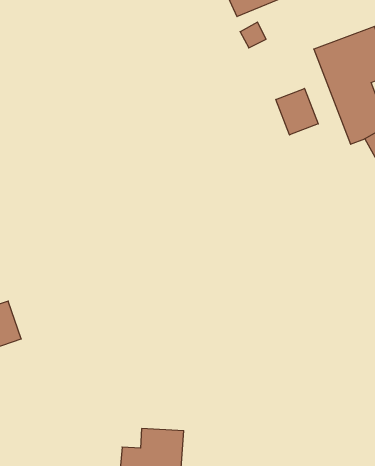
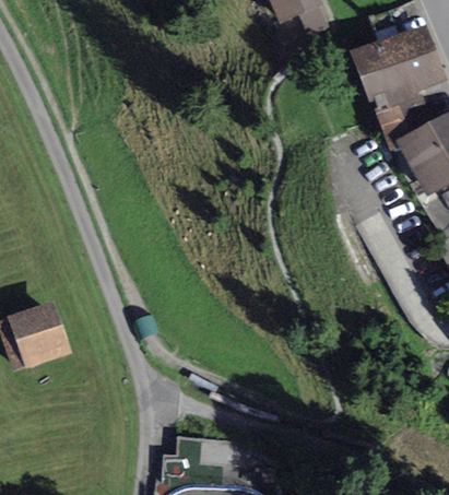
building: [276,88,318,135] -> none

